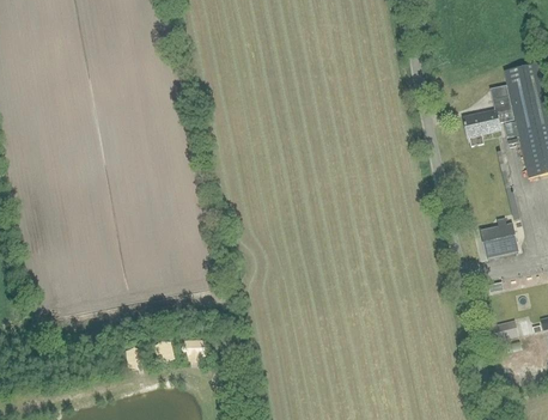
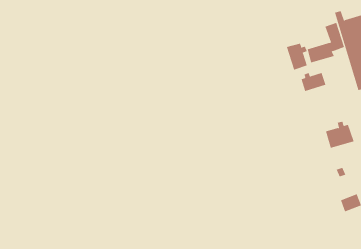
building: none -> [286,43,308,71]
building: none -> [301,72,326,92]

